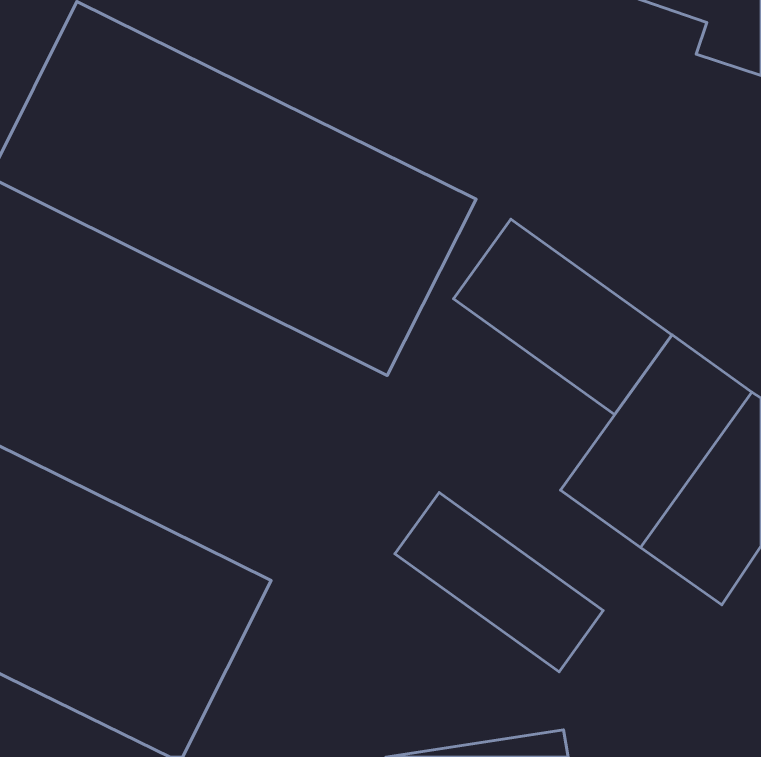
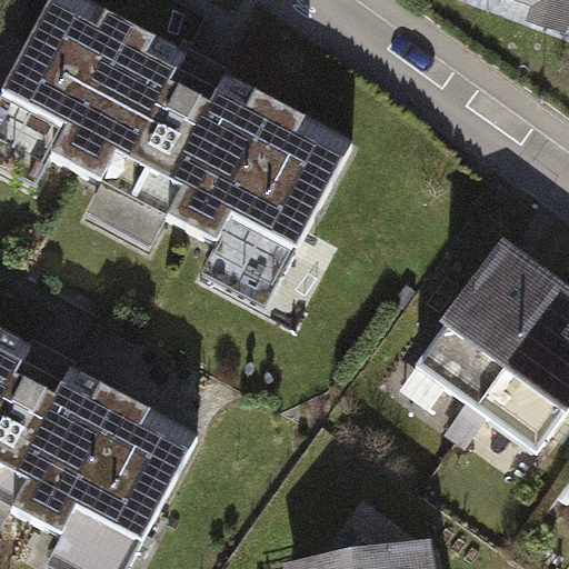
building: [454,219,672,415] -> none
building: [395,492,603,672] -> none

